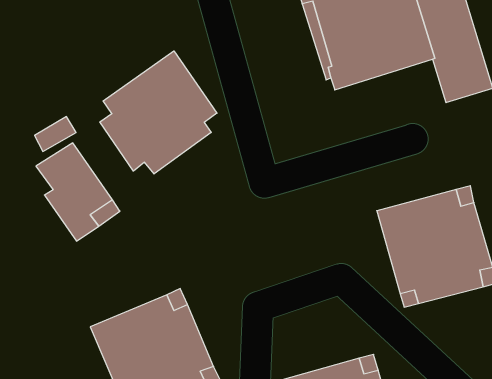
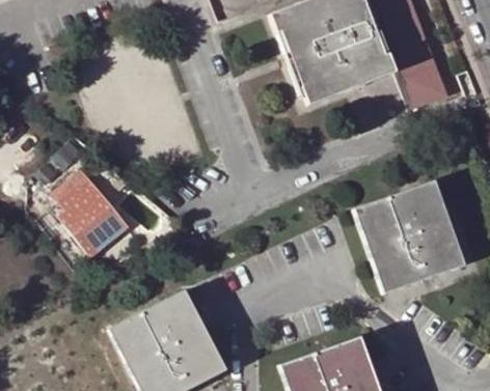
building: [100,51,217,174] -> none

